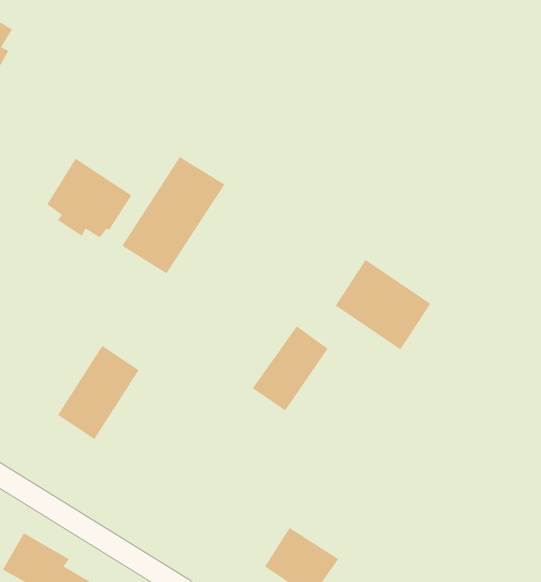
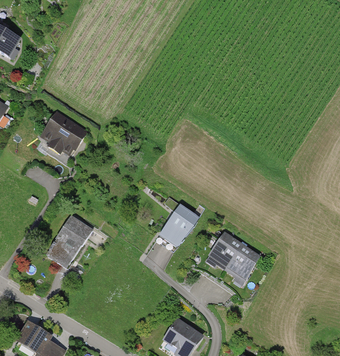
building: [121,156,225,274] -> none
building: [335,259,431,350] -> [207,232,261,283]

